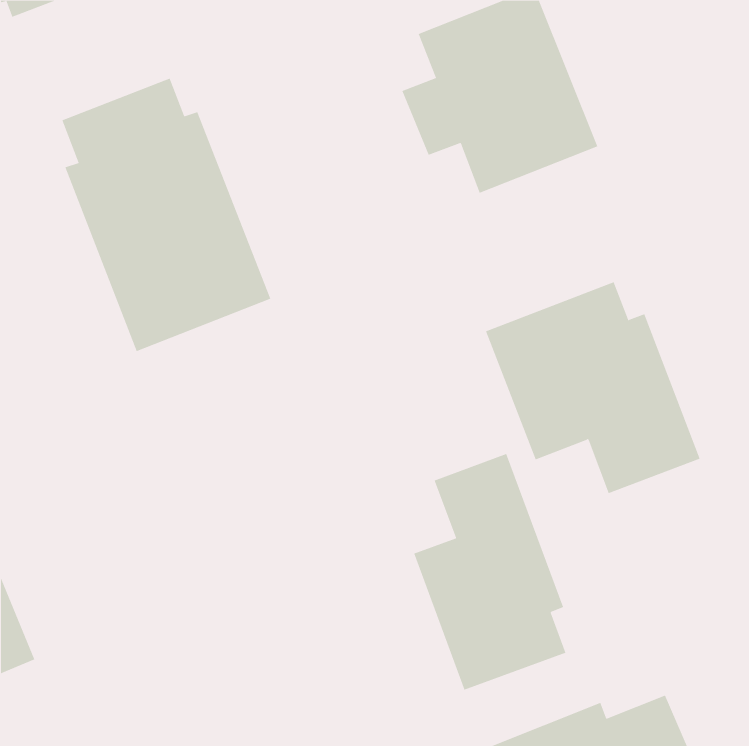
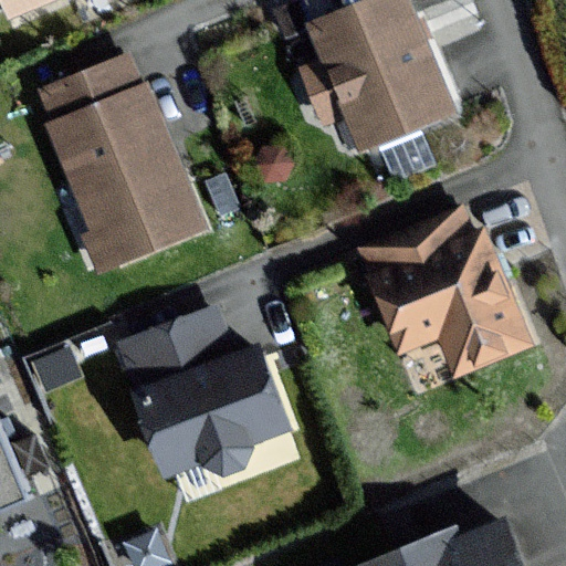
building: none -> [123,312,290,479]
building: [414,453,566,691] -> none

